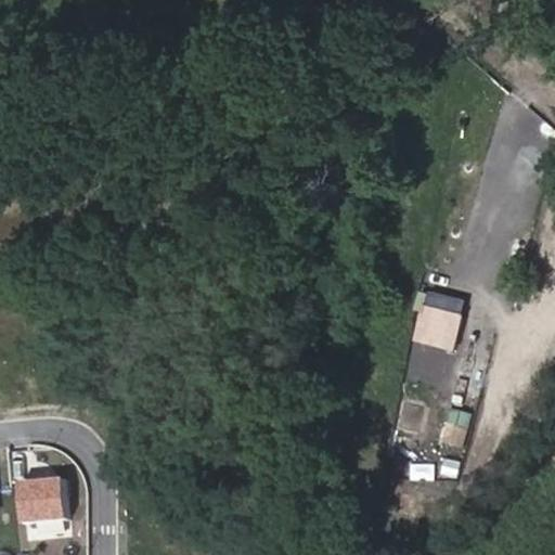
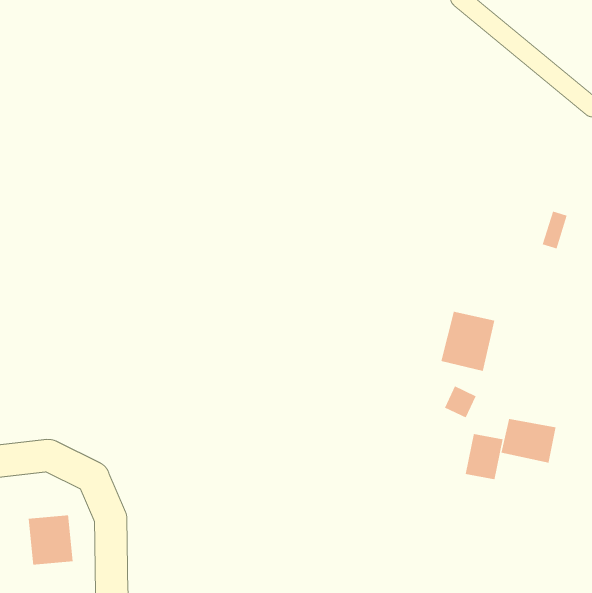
building: none -> [501,418,556,463]

